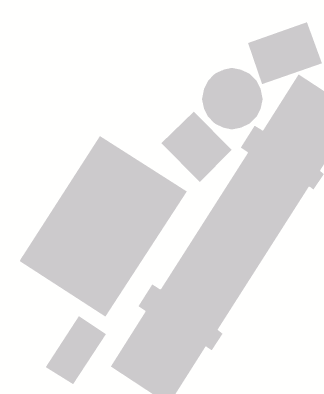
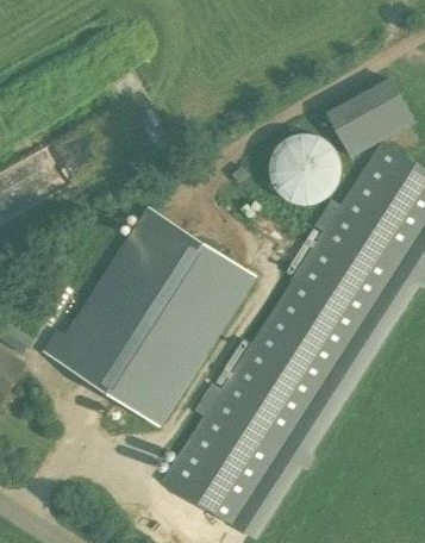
building: [161,111,232,183] -> none
building: [45,315,107,385] -> none

